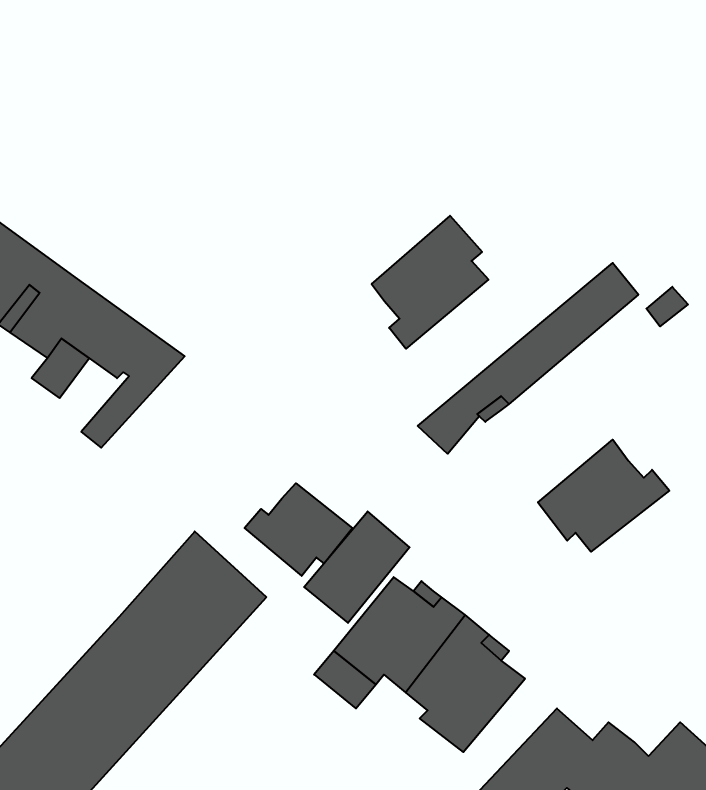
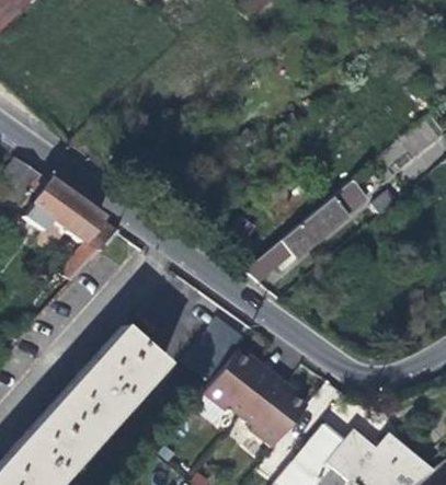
building: [372,216,488,349] -> none
building: [538,440,669,552] -> none
building: [245,483,352,576] -> none

